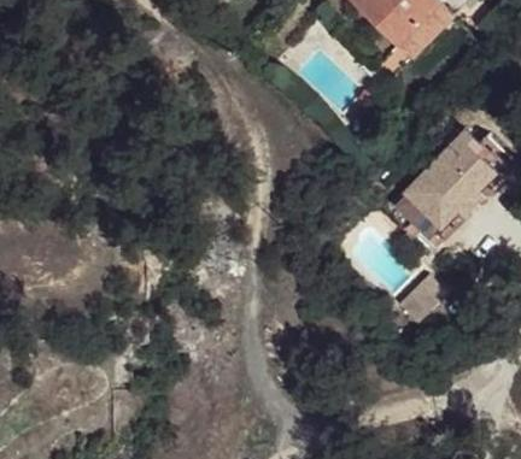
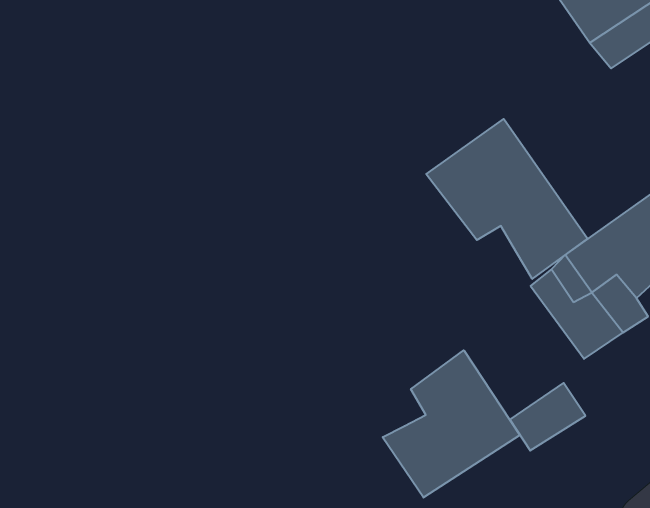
building: none -> [426,119,587,279]
building: none -> [383,350,520,498]

